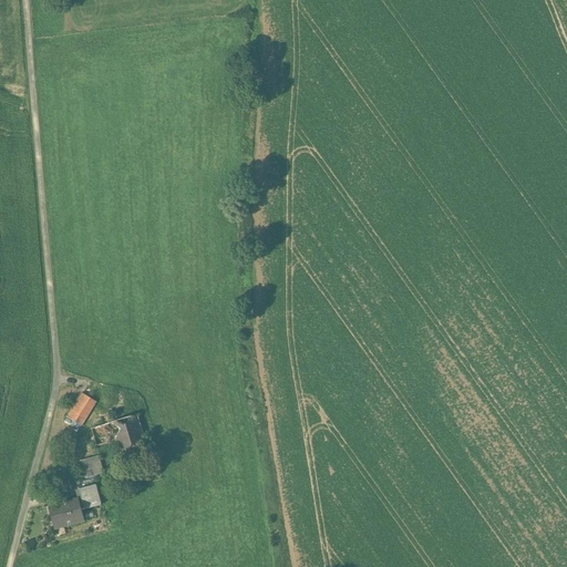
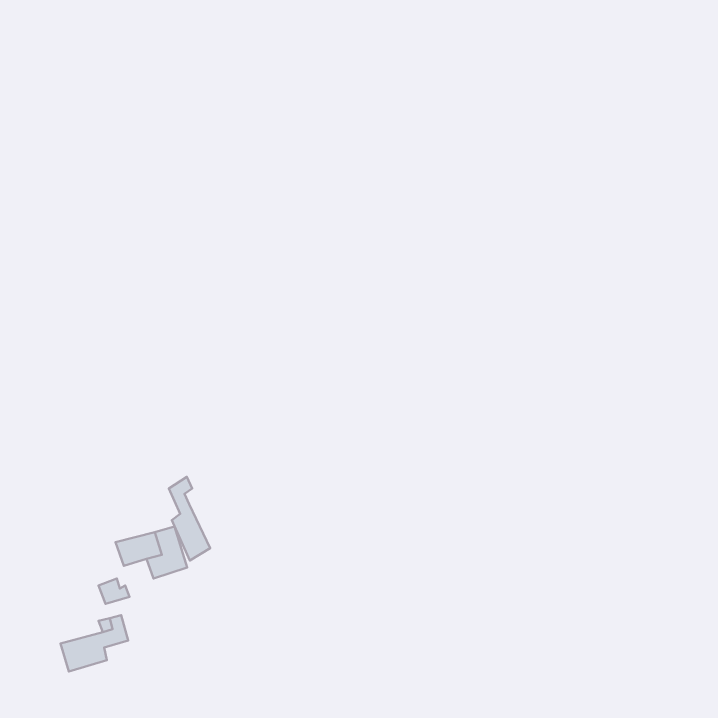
building: none -> [169,477,210,561]
building: [66,393,95,424] -> none

